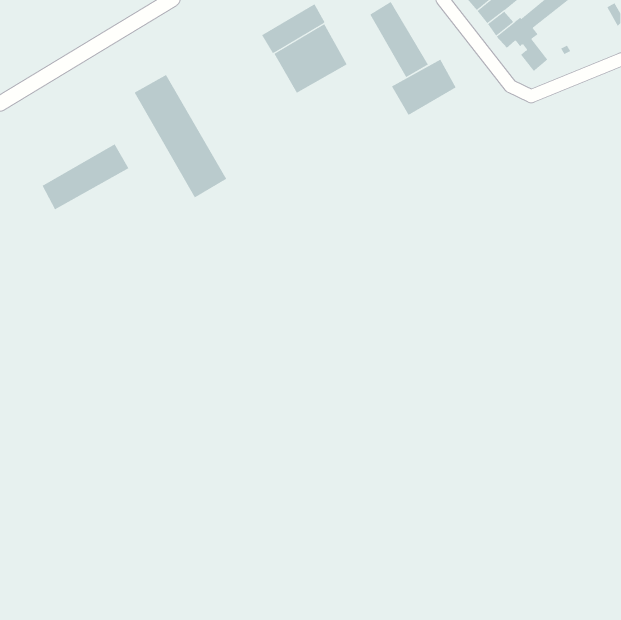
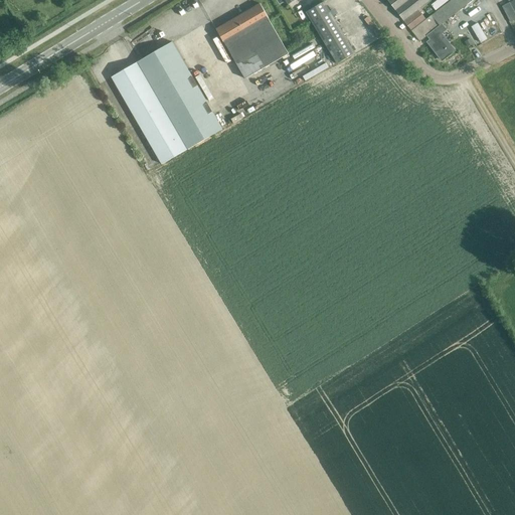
building: none -> [138,41,222,148]
building: [391,59,457,116] -> none
building: [42,143,129,210] -> none

